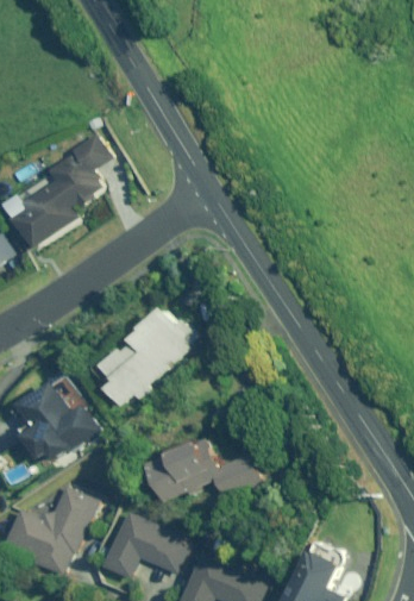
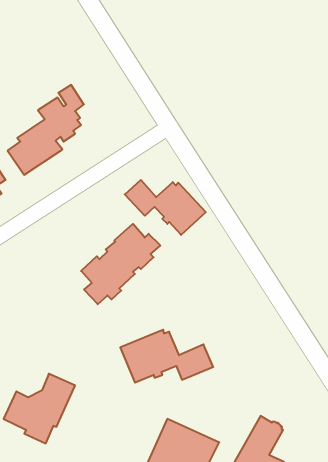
building: none -> [125,180,206,235]
building: [17,368,101,459] -> none
building: [101,509,187,577] -> none

